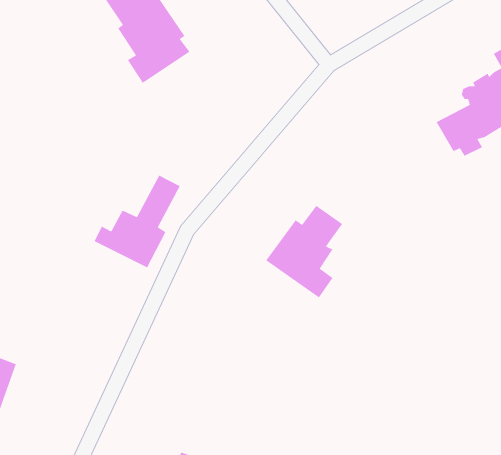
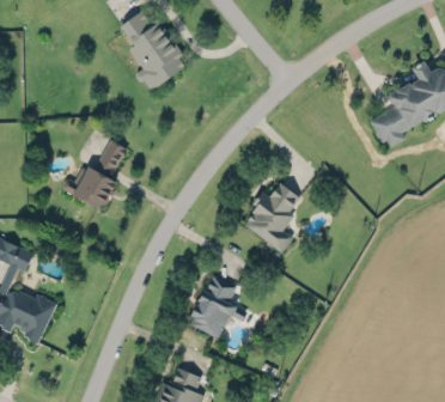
building: [93,175,181,269] -> [61,139,127,209]
building: none -> [189,274,246,337]

